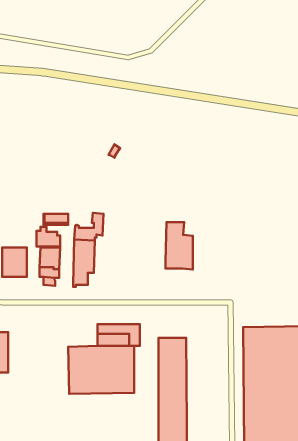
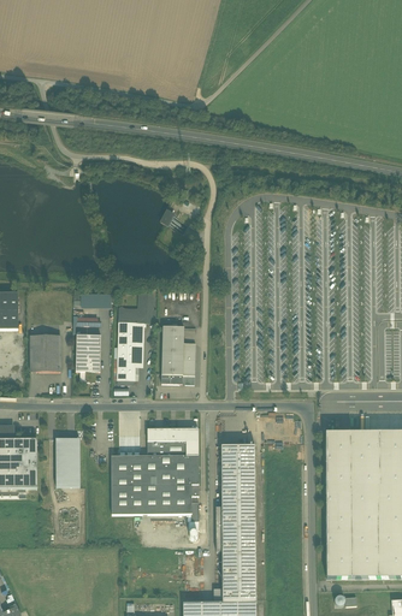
building: [165,222,193,269] -> [161,325,195,383]
building: none -> [55,437,81,485]

